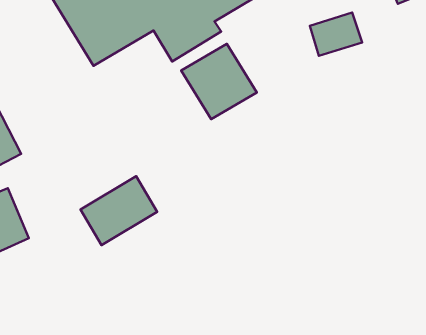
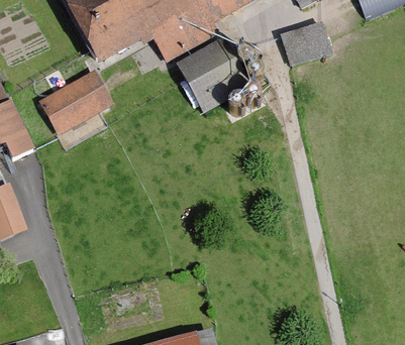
building: [80,176,157,245] -> [40,72,110,134]

